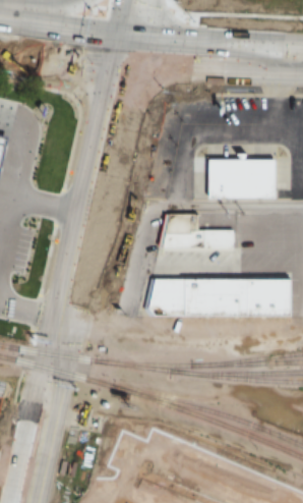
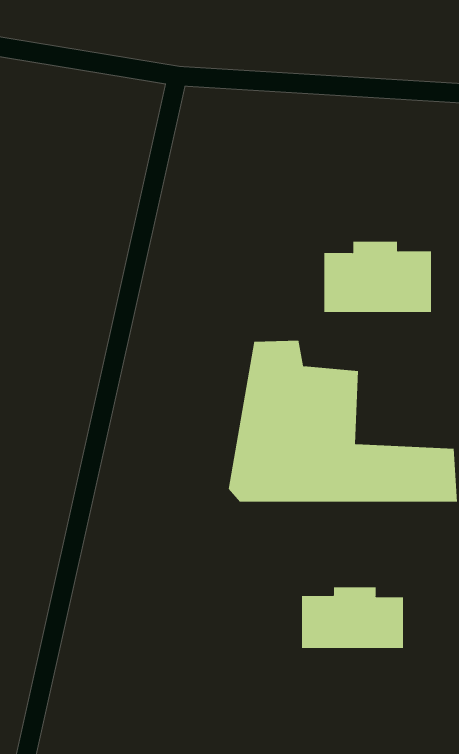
building: none -> [302,586,403,649]

